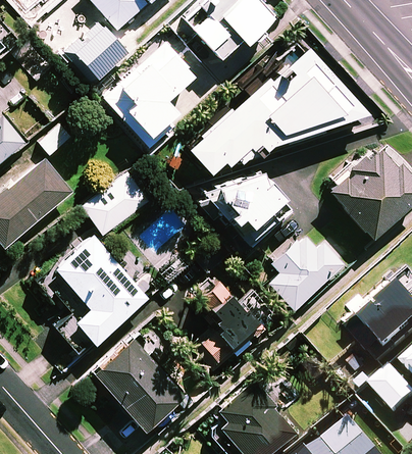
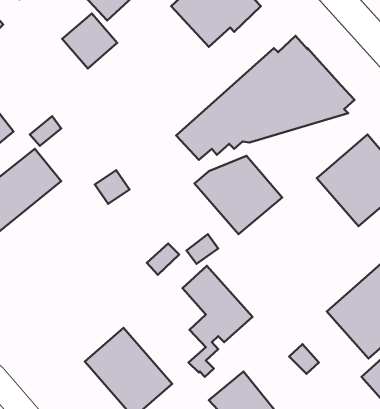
building: [105,42,194,147] -> none
building: [269,234,344,309] -> none
building: [40,236,148,354] -> none

